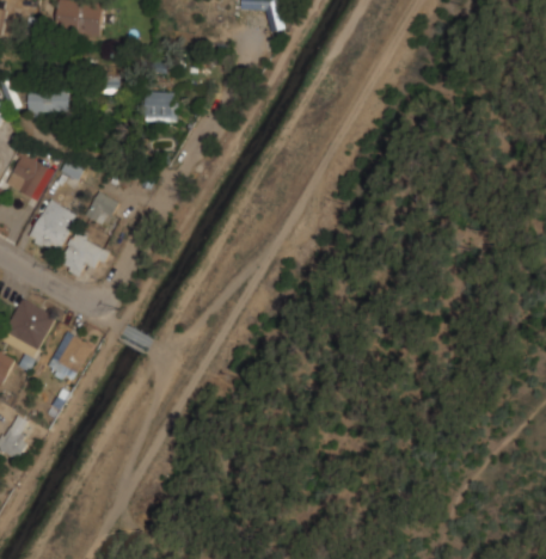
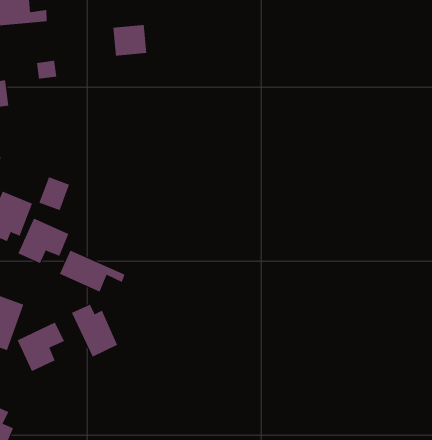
building: [143,93,177,123] -> [113,25,147,56]
building: none -> [59,250,125,292]
building: none -> [71,304,118,358]

